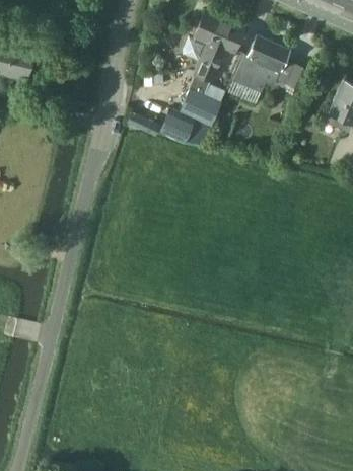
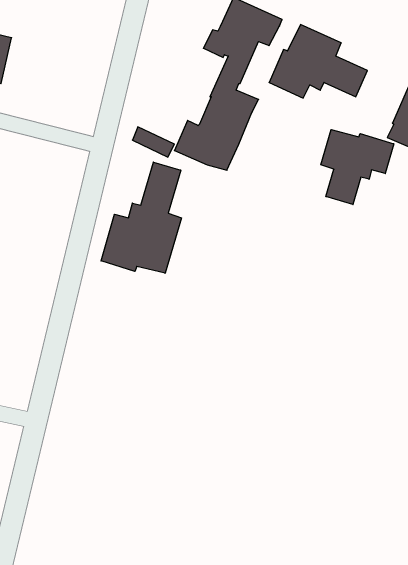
building: none -> [321,130,394,205]
building: none -> [101,162,181,273]

